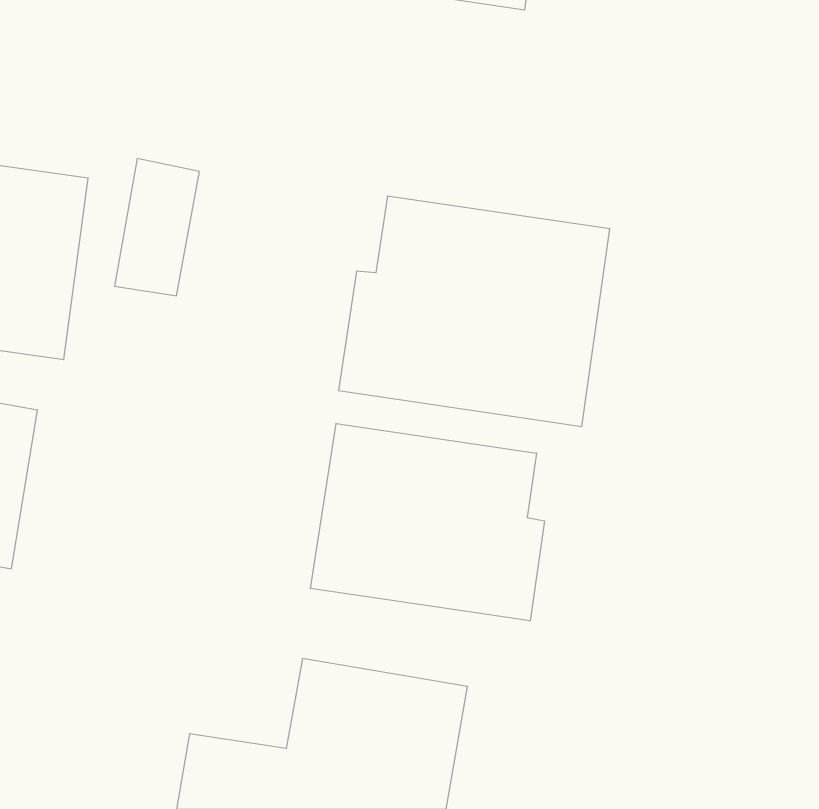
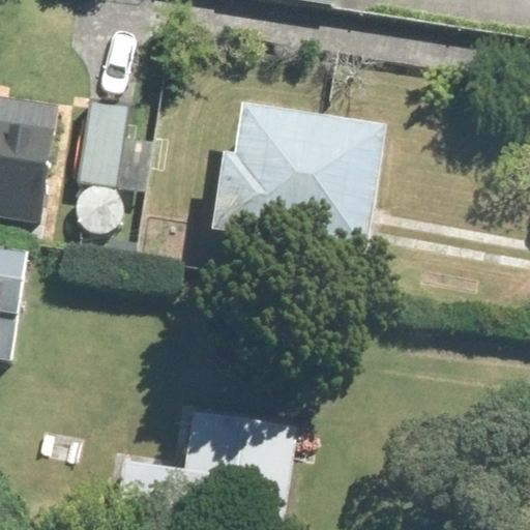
building: [310,423,544,621] -> none

